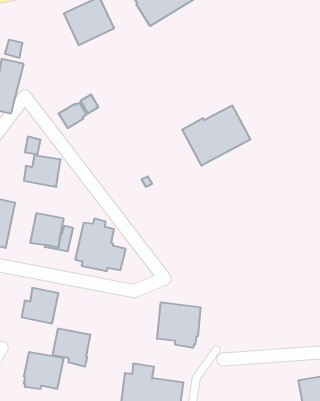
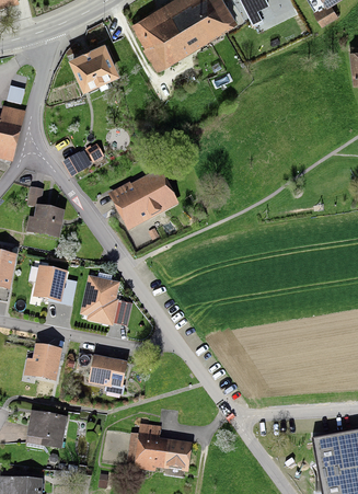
building: [182,106,250,165] -> [108,168,180,230]
building: [157,302,200,348] -> none
building: [53,329,90,366] -> [89,355,128,394]

